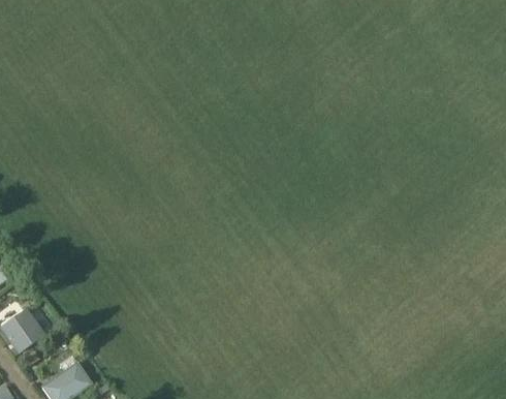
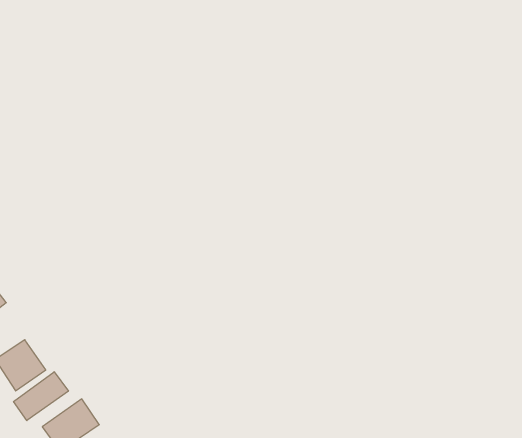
building: none -> [14,372,68,421]

